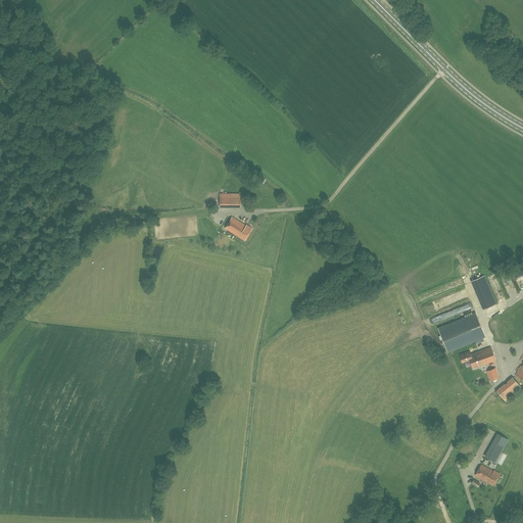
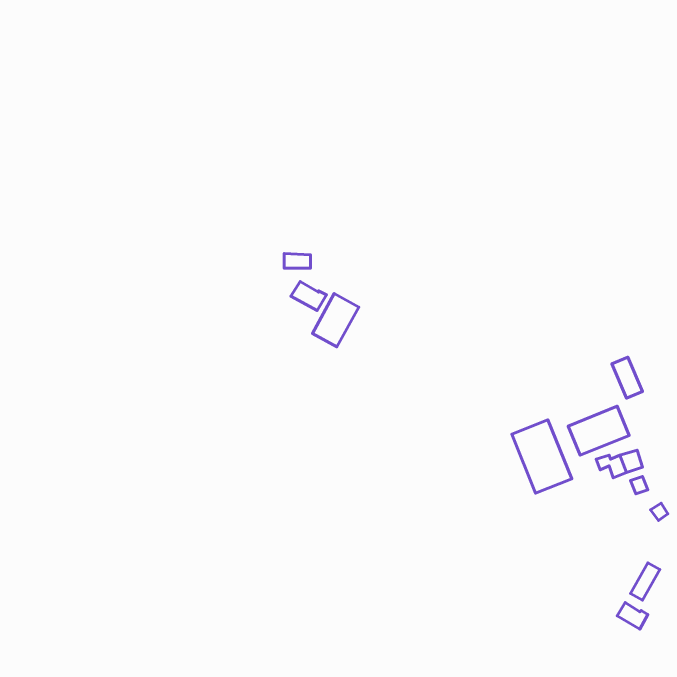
building: none -> [312,294,359,347]
building: none -> [512,420,572,493]

